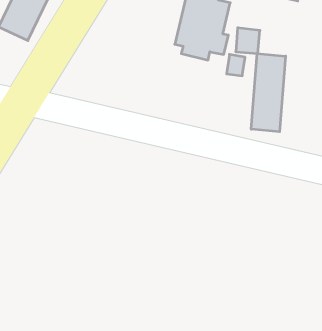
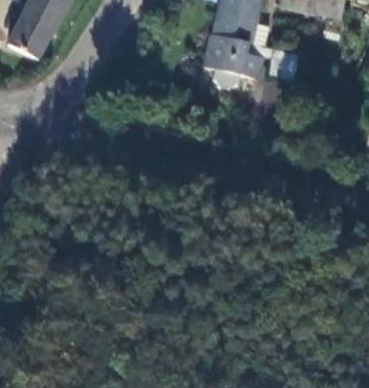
building: [251,54,286,132] -> none

